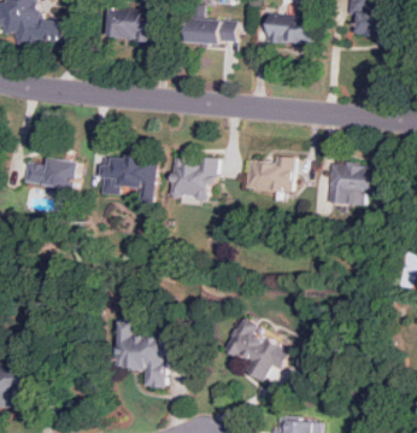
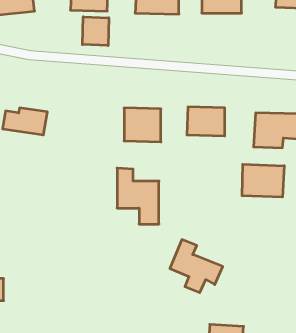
building: none -> [82,17,109,46]
building: [102,154,155,203] -> none
building: none -> [242,164,284,197]
building: [116,320,166,387] -> [117,168,159,224]

